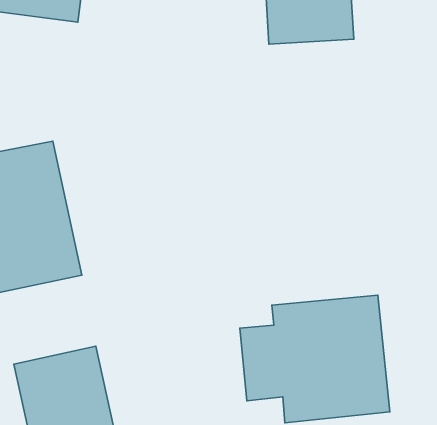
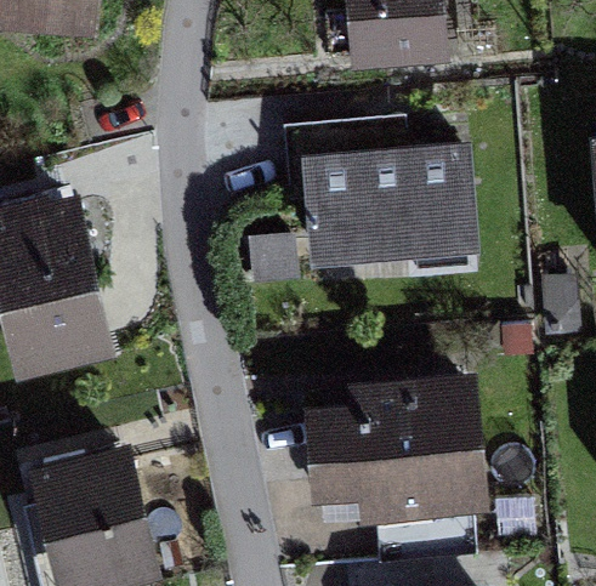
building: none -> [295,146,481,264]

